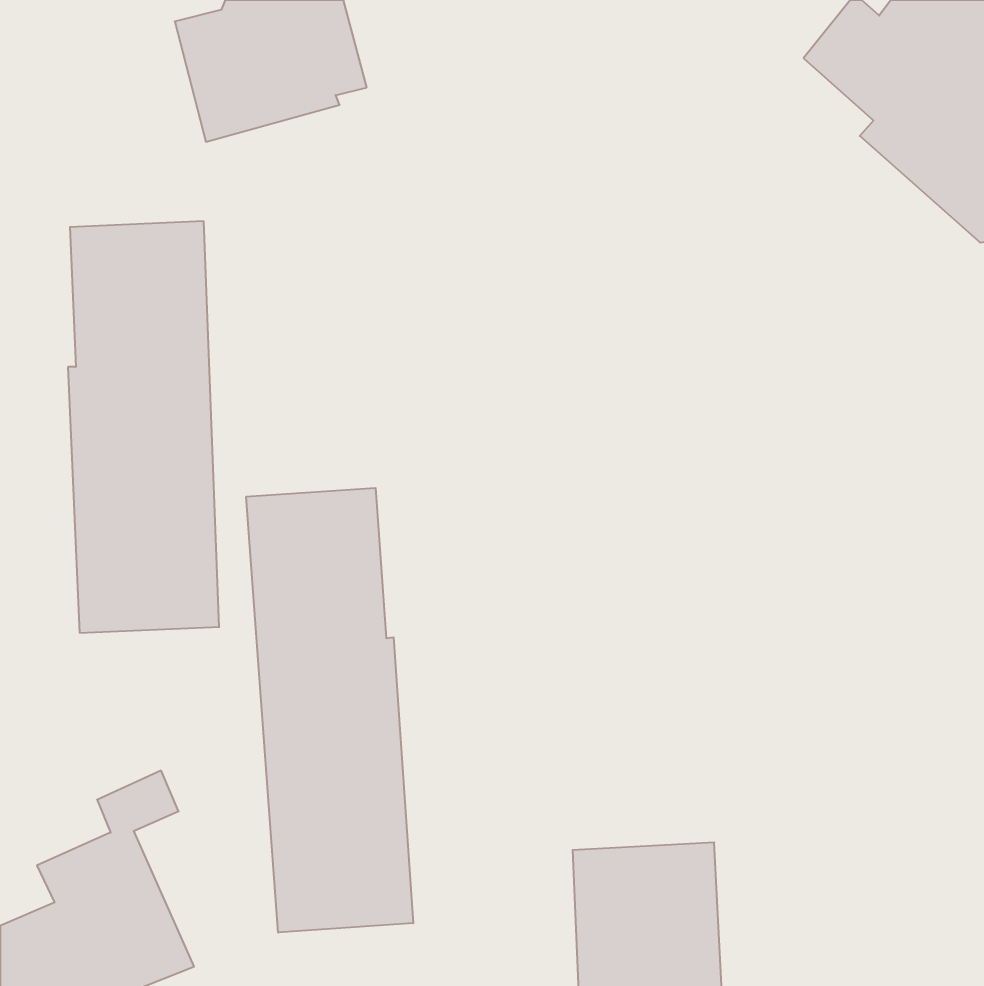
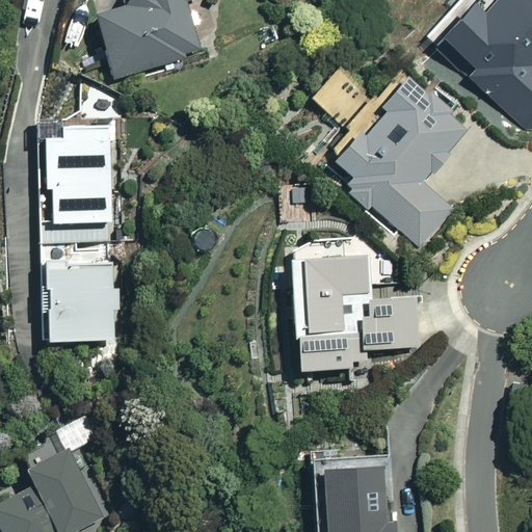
building: none -> [311,70,471,250]
building: none -> [289,254,421,372]
building: [246,488,413,933] -> none

